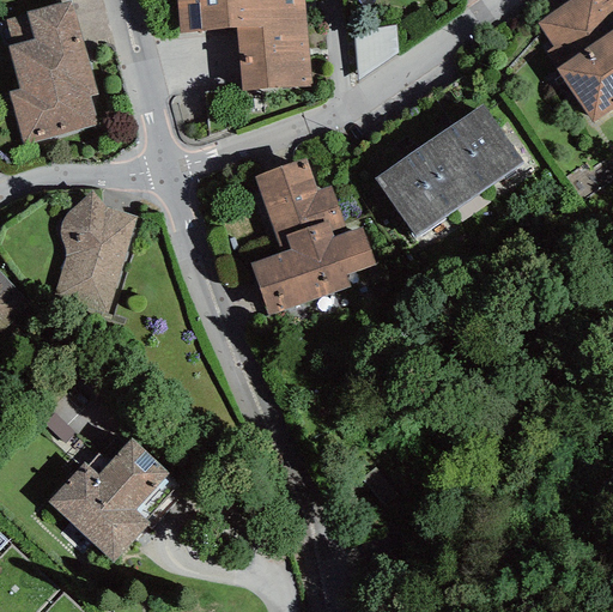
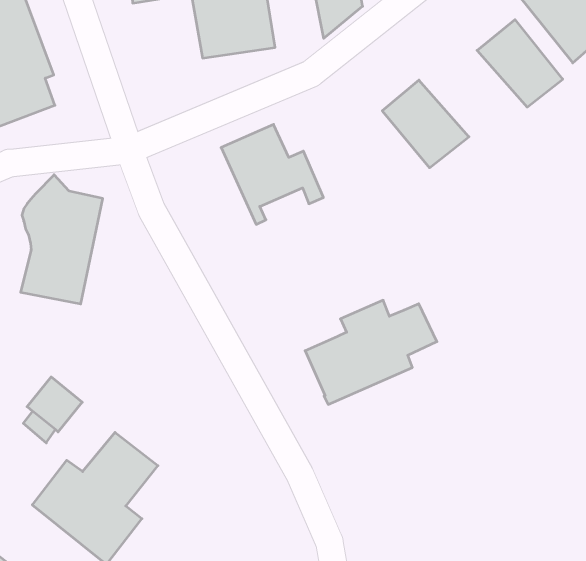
building: [447,101,526,184] -> [477,20,563,107]
building: [375,153,450,236] -> none
building: [250,220,376,315] -> [305,300,437,404]

